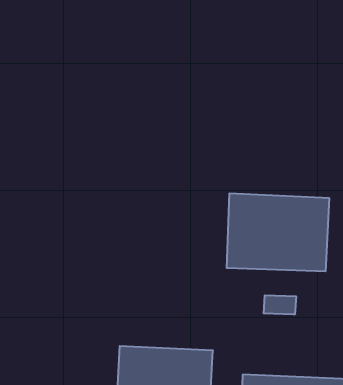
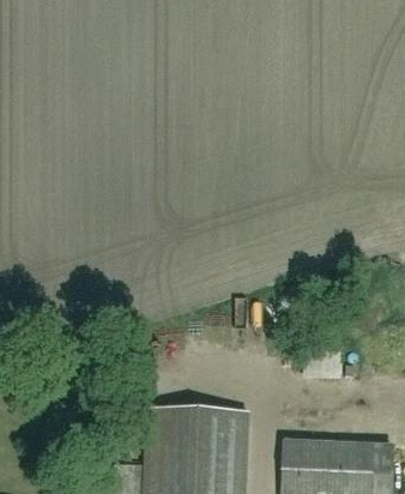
building: [227,193,329,271] -> none

